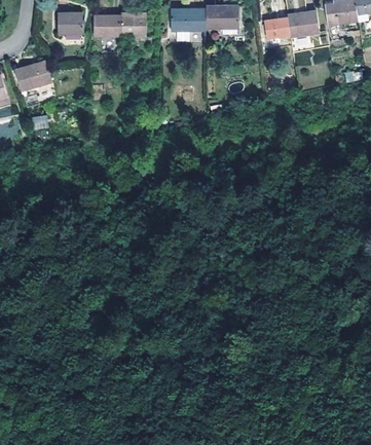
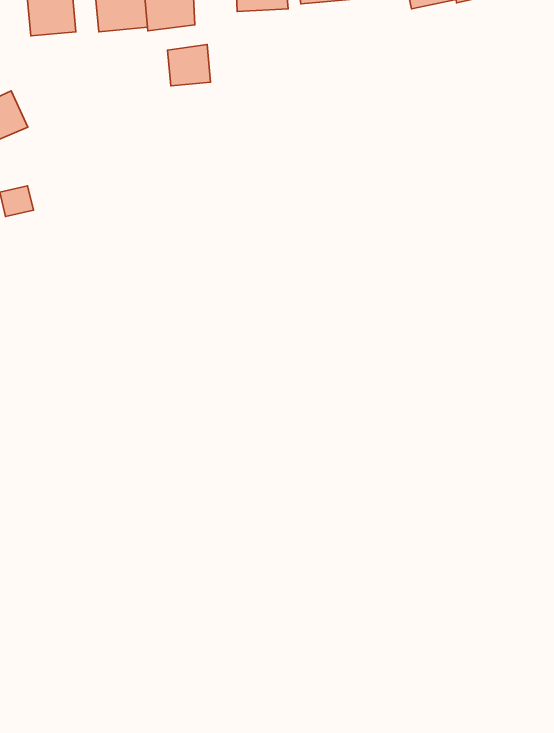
building: none -> [167,44,211,86]

